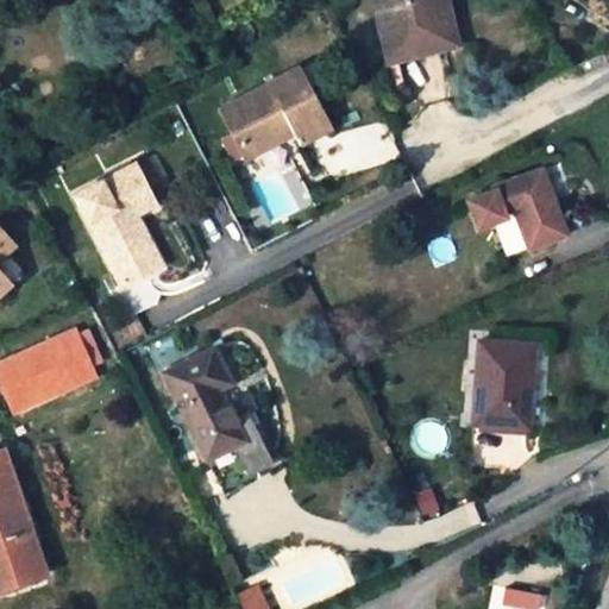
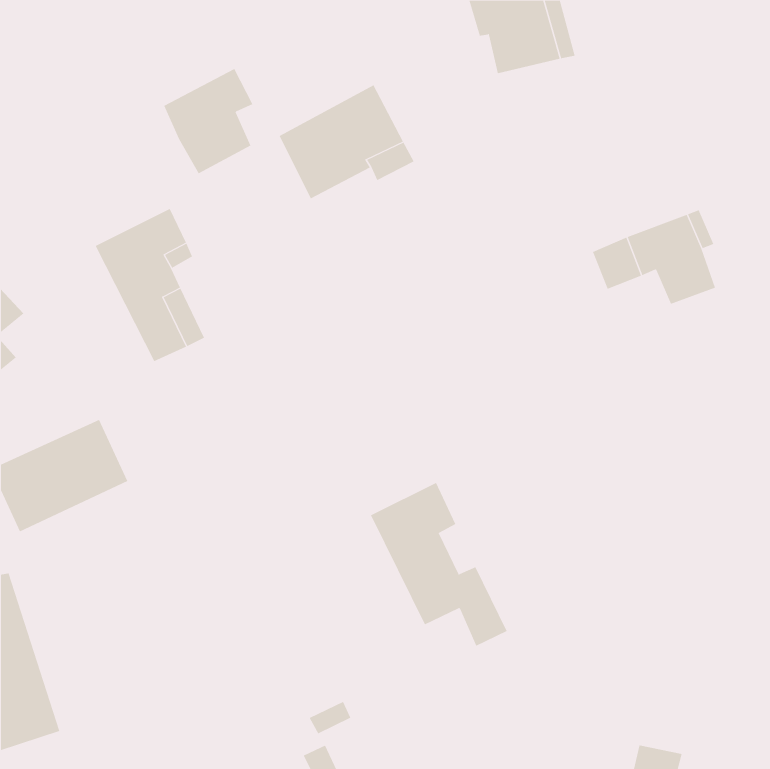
building: none -> [164,68,253,174]
building: [473,339,535,425] -> none
building: [164,345,272,475] -> [370,482,507,646]

